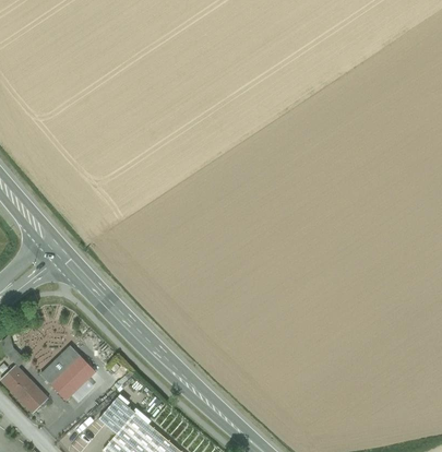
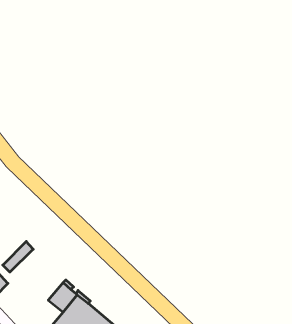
building: [49,356,95,401] -> none

